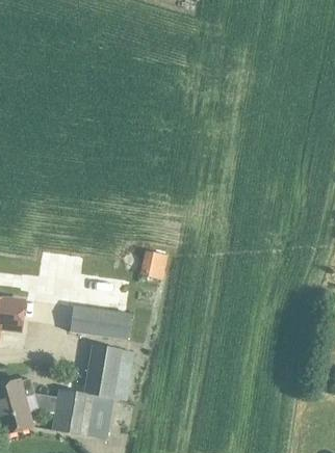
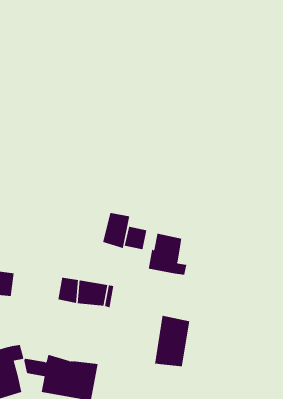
building: none -> [103,212,130,249]
building: none -> [148,233,187,276]
building: [84,343,123,398] -> [154,315,190,367]

